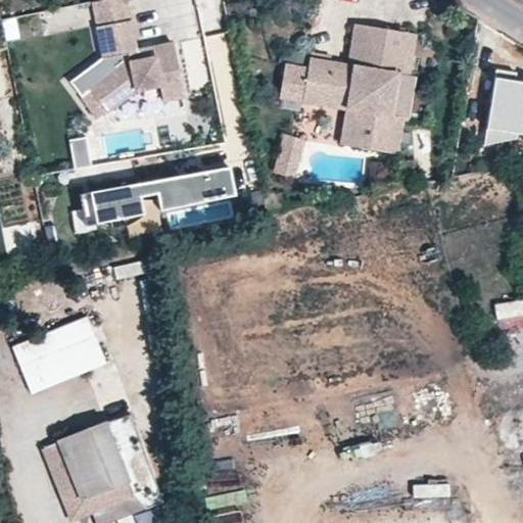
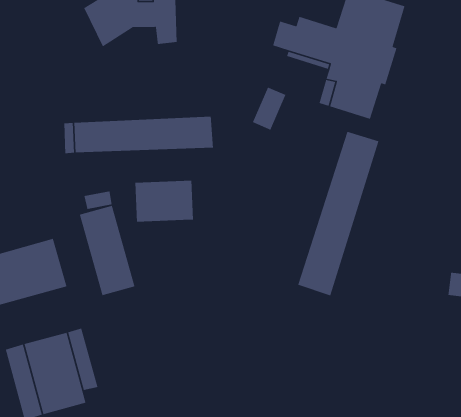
building: none -> [297,131,379,297]
building: none -> [134,180,194,222]
building: none -> [79,205,135,296]

